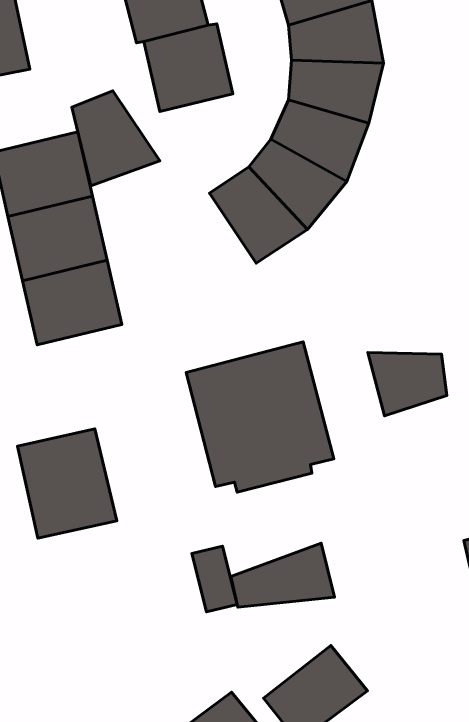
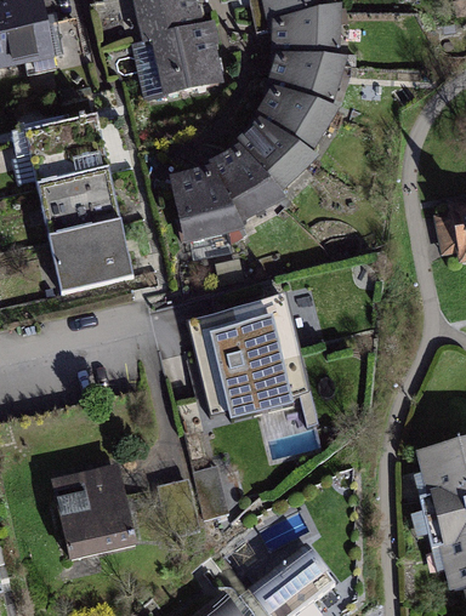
building: [72,91,160,186] -> [170,166,243,245]
building: [368,352,447,416] -> none
building: [17,429,117,538] -> [52,466,135,557]
building: [231,543,335,607] -> none

